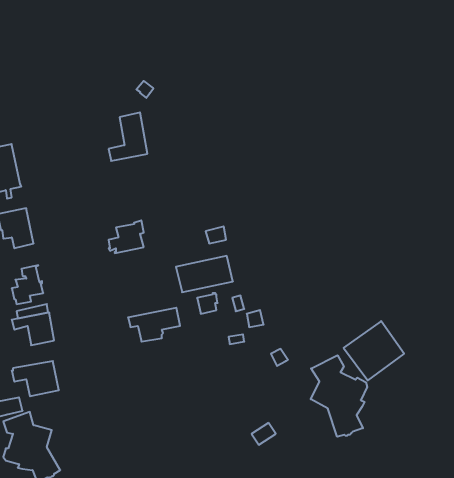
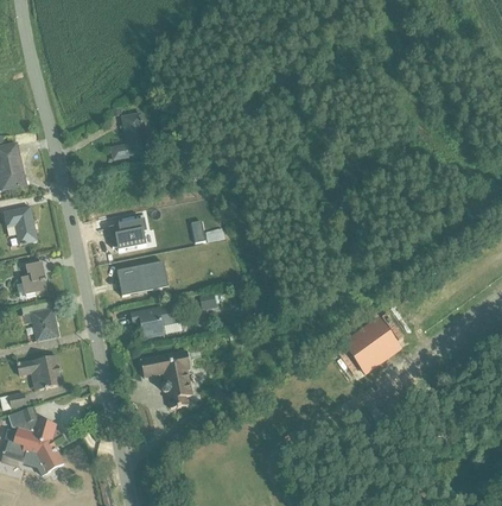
building: [176,256,233,292] -> [115,259,171,295]
building: none -> [139,349,191,407]
building: [311,355,367,437] -> none

